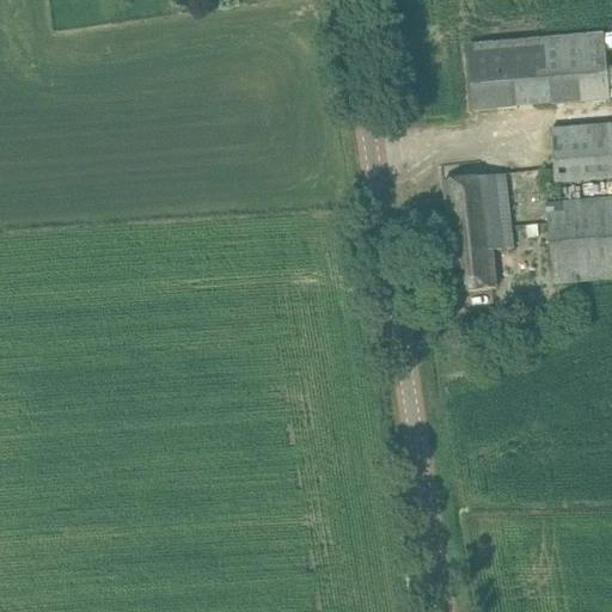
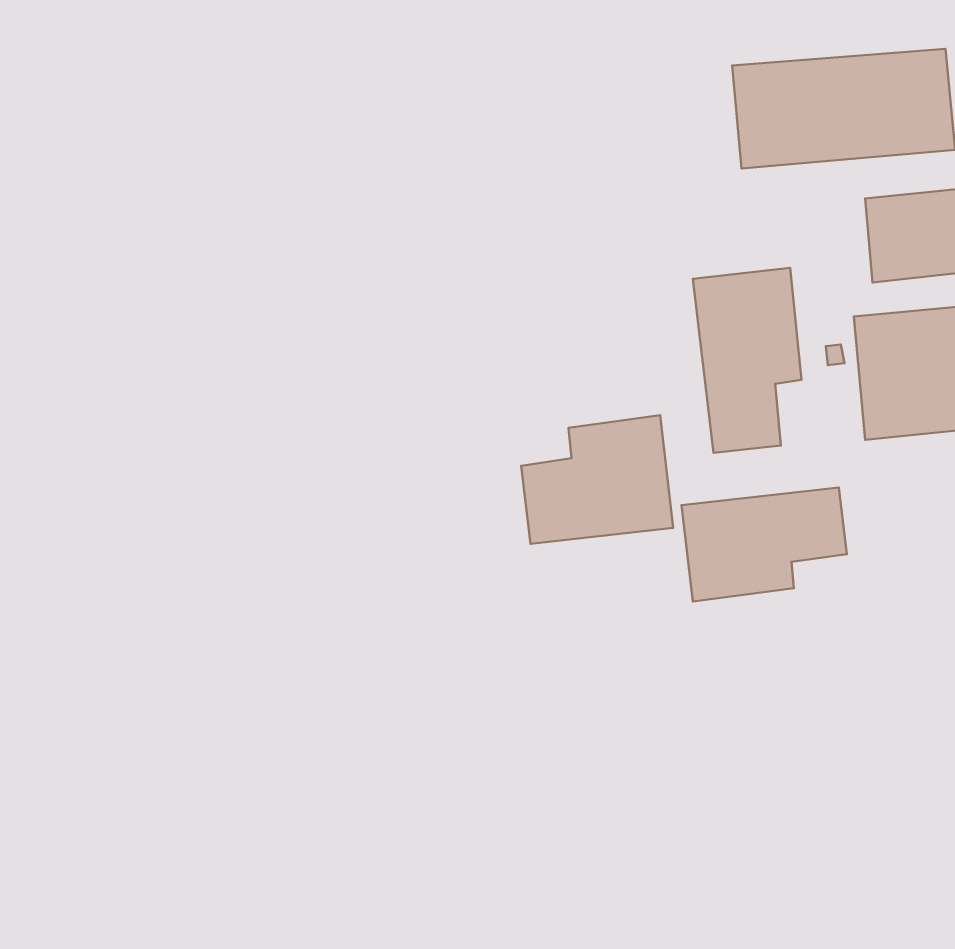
building: none -> [521,415,673,544]
building: none -> [682,487,847,601]

